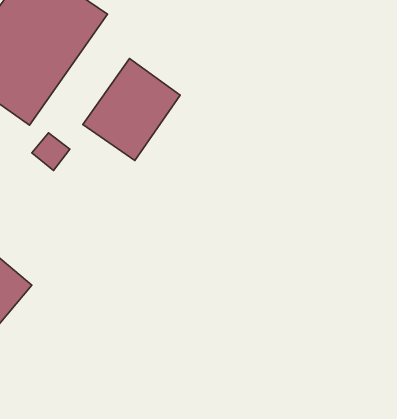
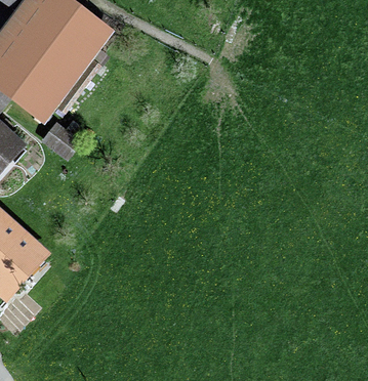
building: [83,58,180,161] -> none

